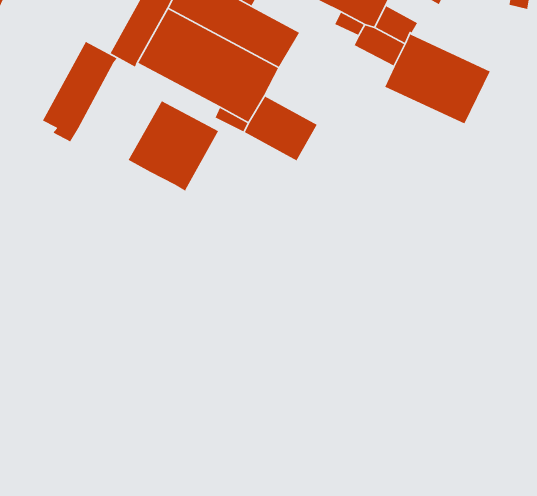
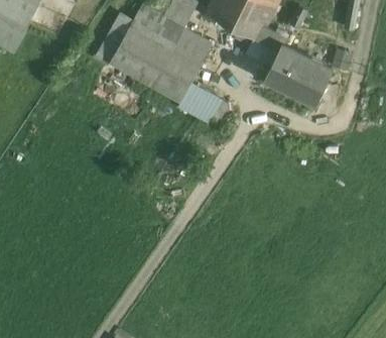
building: [42,41,118,143] -> none
building: [127,100,219,192] -> none

